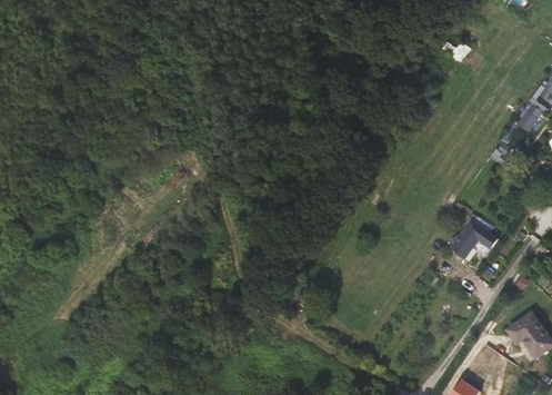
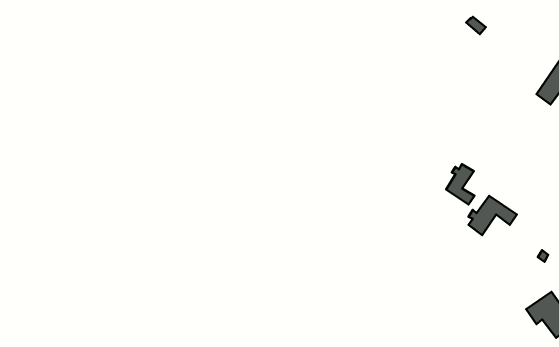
building: none -> [446,164,474,204]

